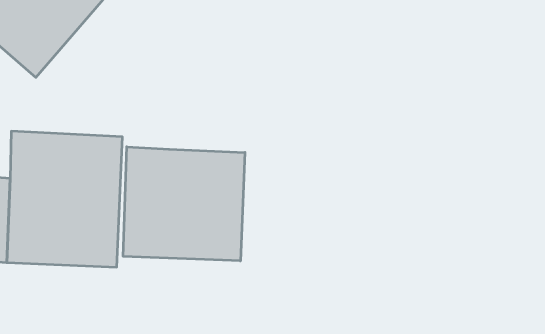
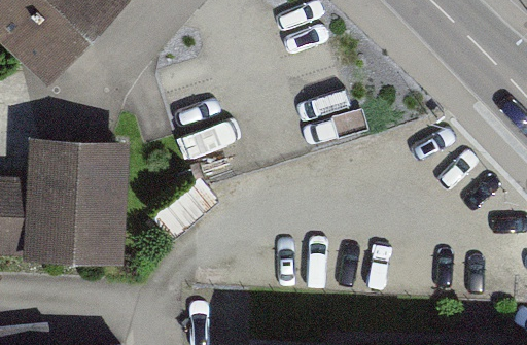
building: [123,147,245,261] -> none

